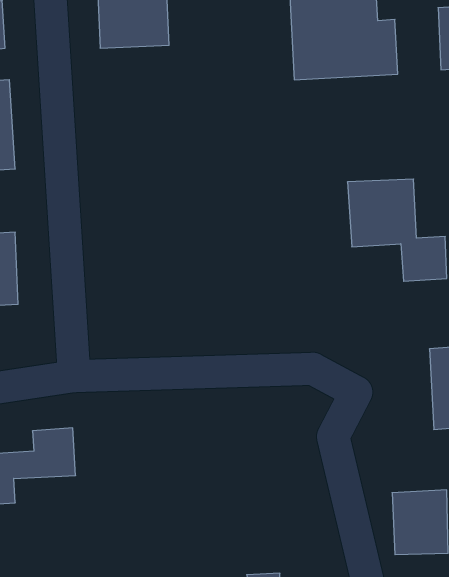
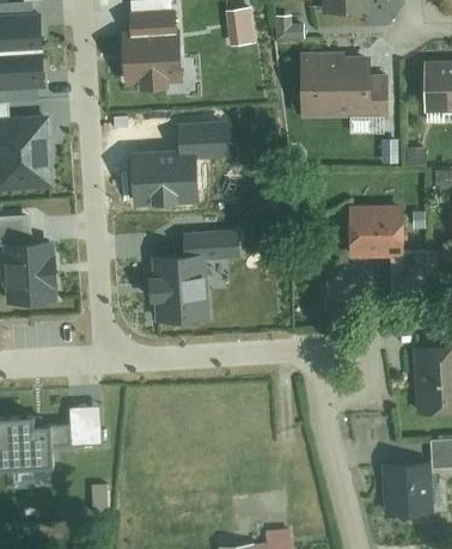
building: none -> [127,124,228,214]
building: none -> [152,226,244,322]

